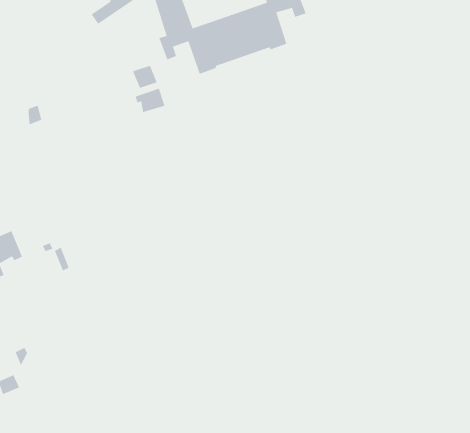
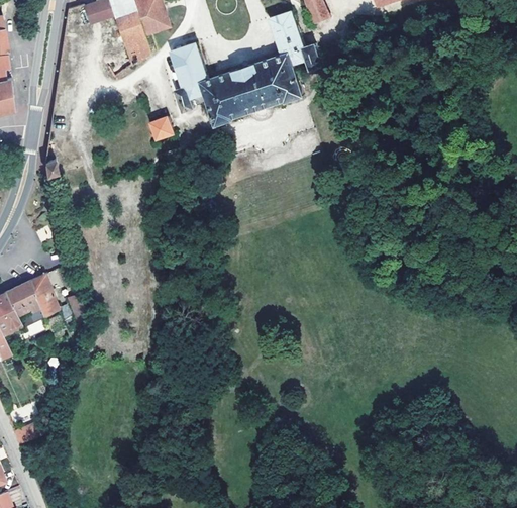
building: [135,88,165,113] -> none
building: none -> [28,275,58,316]

